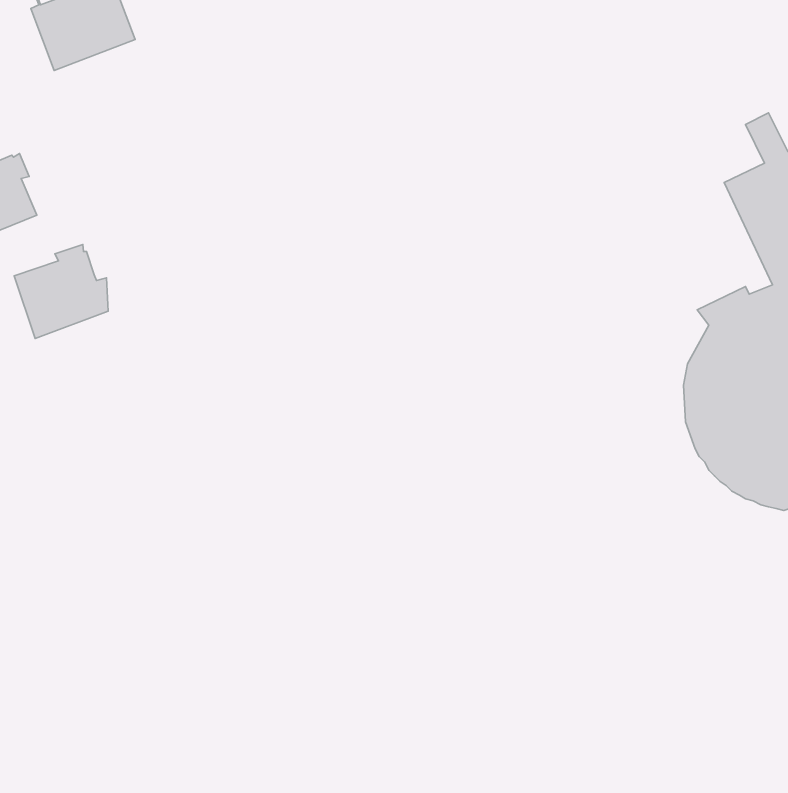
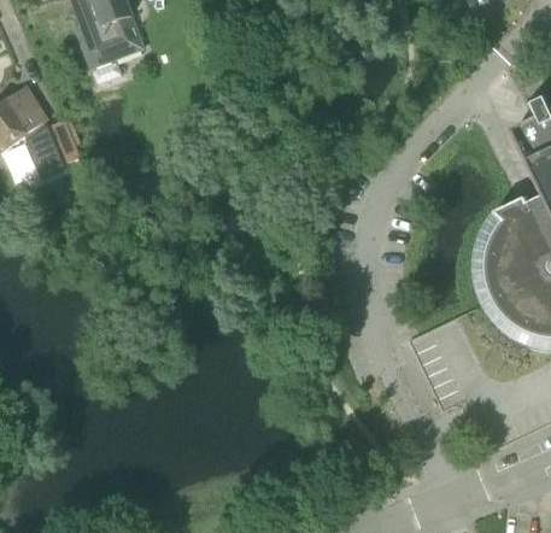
building: [14,244,108,338] -> none

